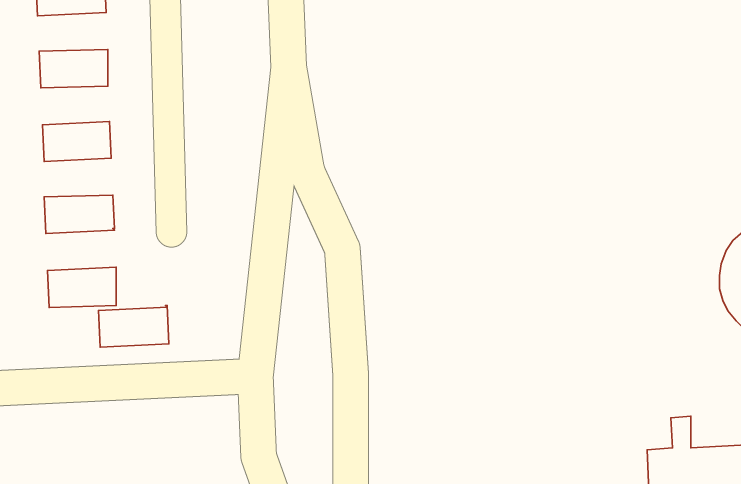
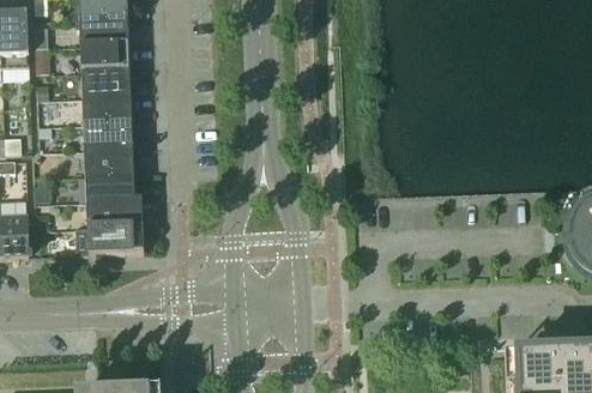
building: none -> [79,41,129,68]
building: none -> [81,93,131,121]
building: none -> [84,145,133,173]
building: [99,305,169,347] -> [85,195,135,225]

